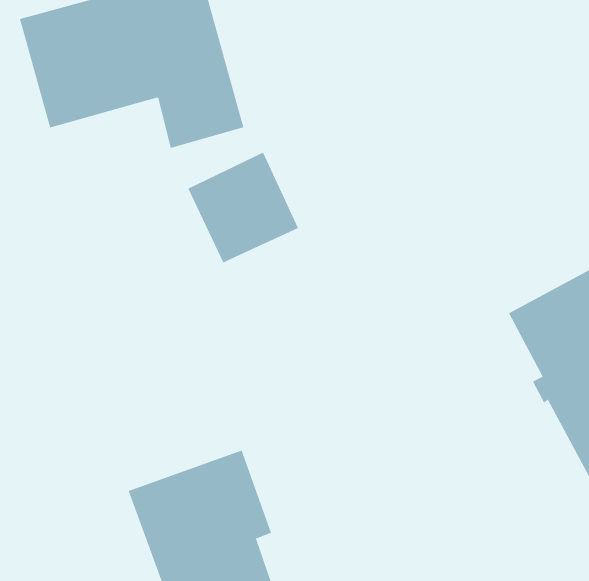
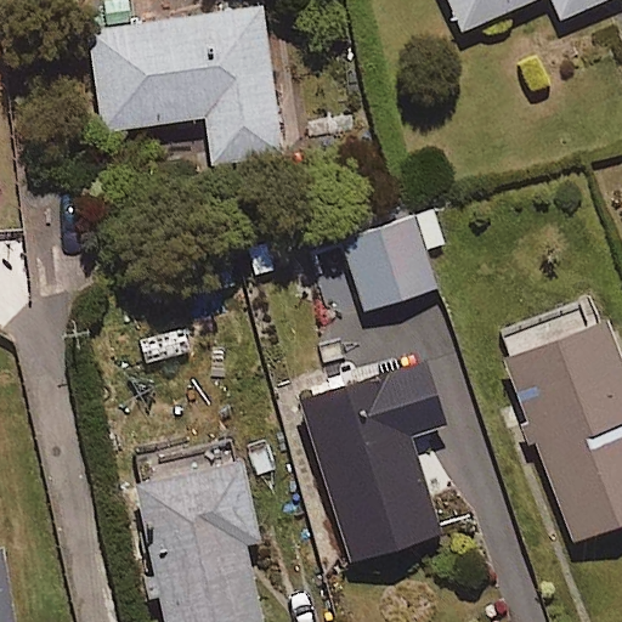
building: [188,152,299,263] -> [340,214,440,313]
building: none -> [298,356,449,561]

